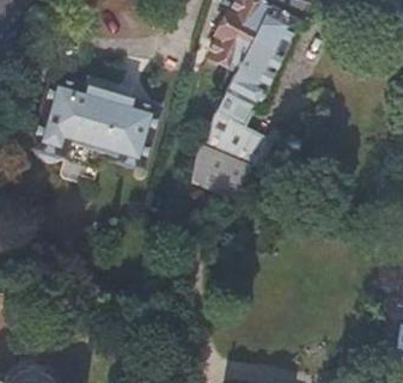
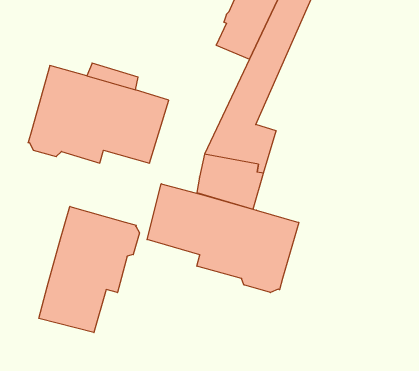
building: none -> [147,184,299,293]
building: none -> [39,206,140,333]

